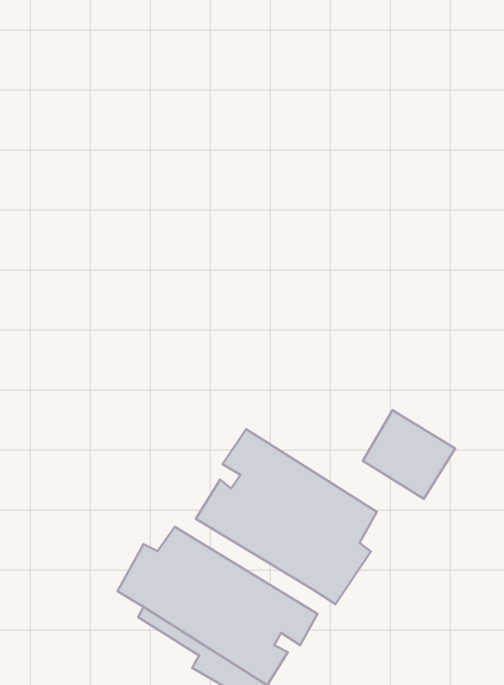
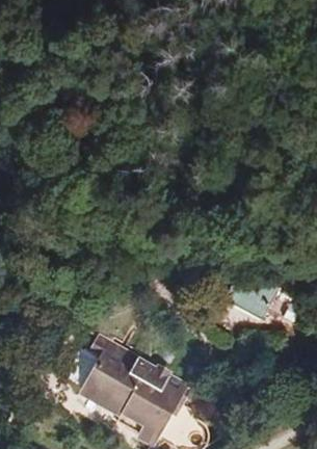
building: [196,429,377,604] -> none

